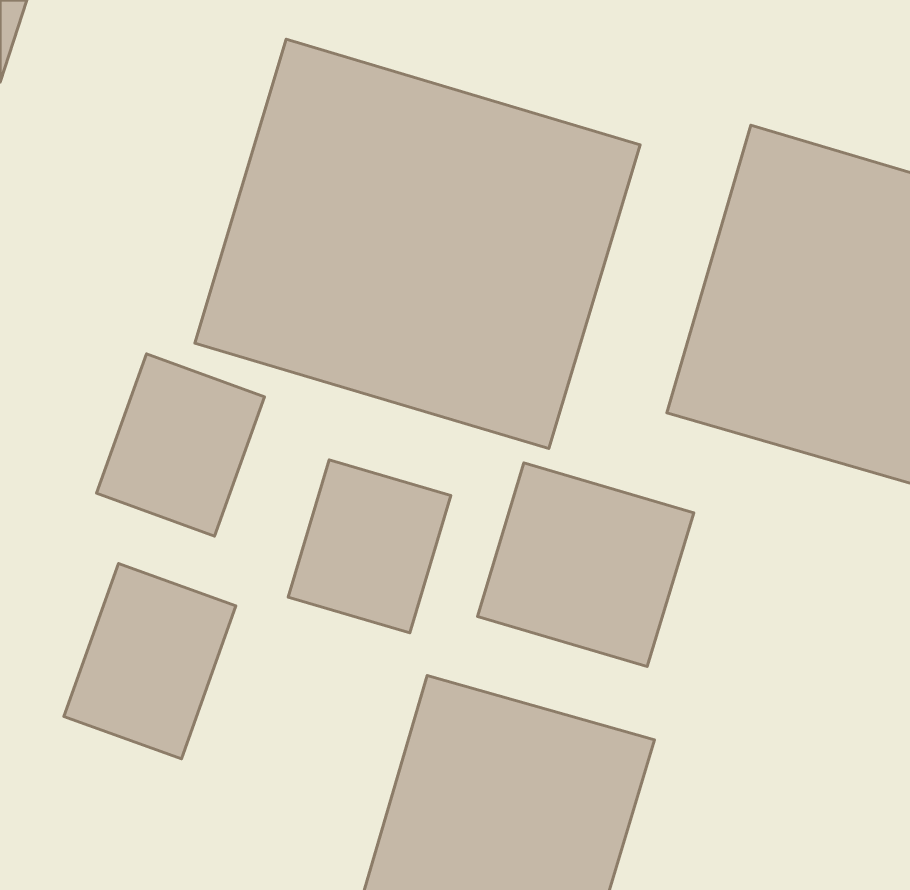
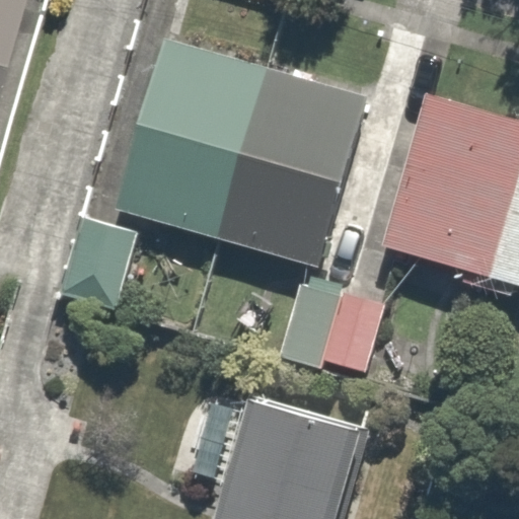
building: [288,460,451,633] -> none
building: [64,564,236,759] -> none

